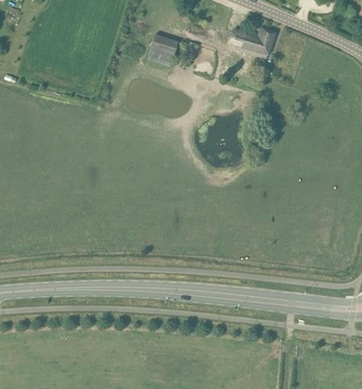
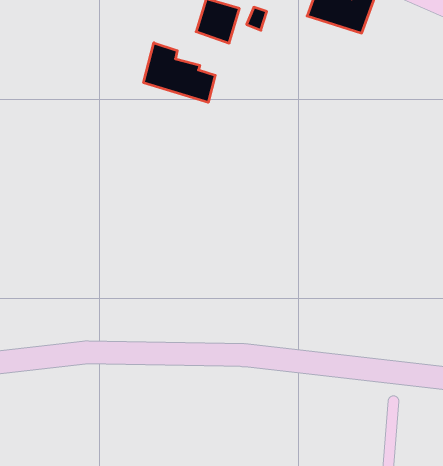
building: none -> [144,43,215,102]

